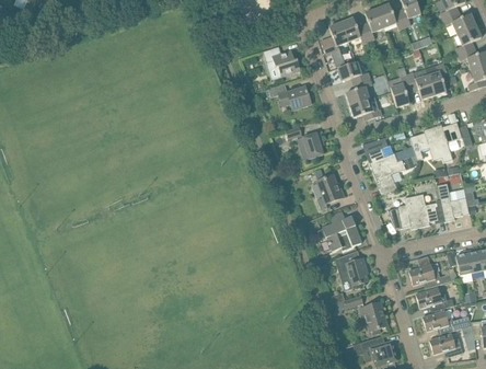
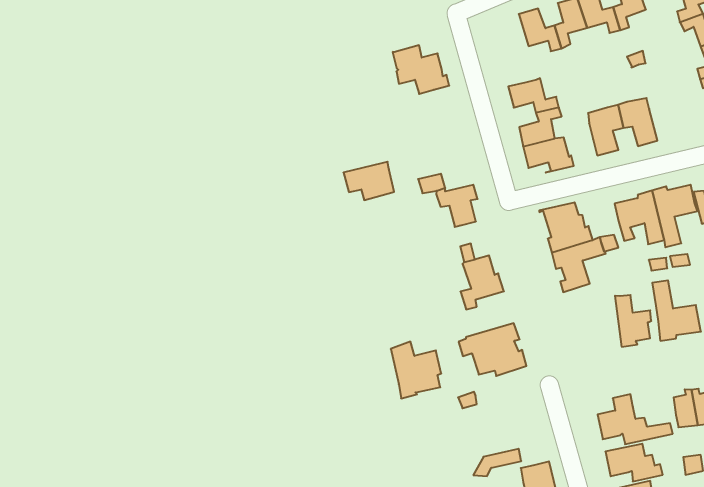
building: [321,21,348,65] -> none
building: [425,62,449,94] -> none
building: [278,84,311,109] -> [343,162,394,200]
building: [387,194,420,229] -> none
building: [335,253,368,289] -> [391,342,441,398]

